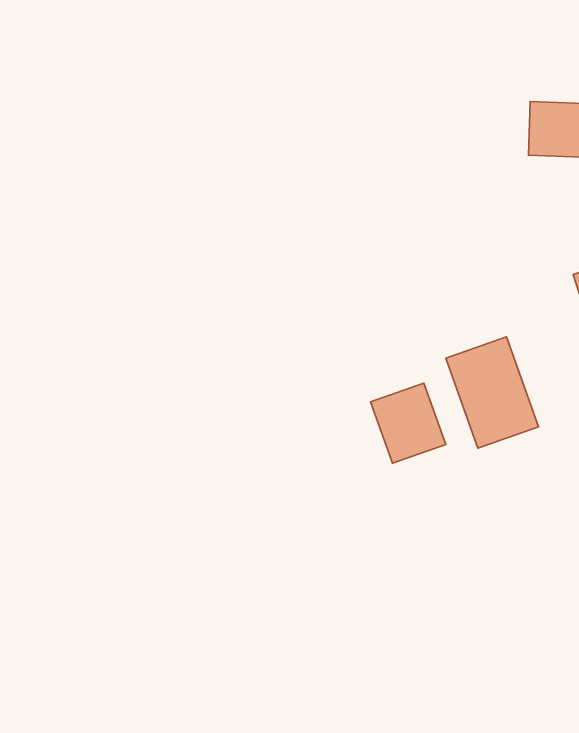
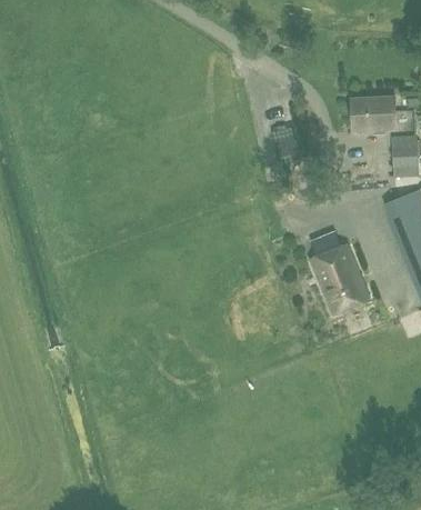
building: [371,383,446,463] -> none

